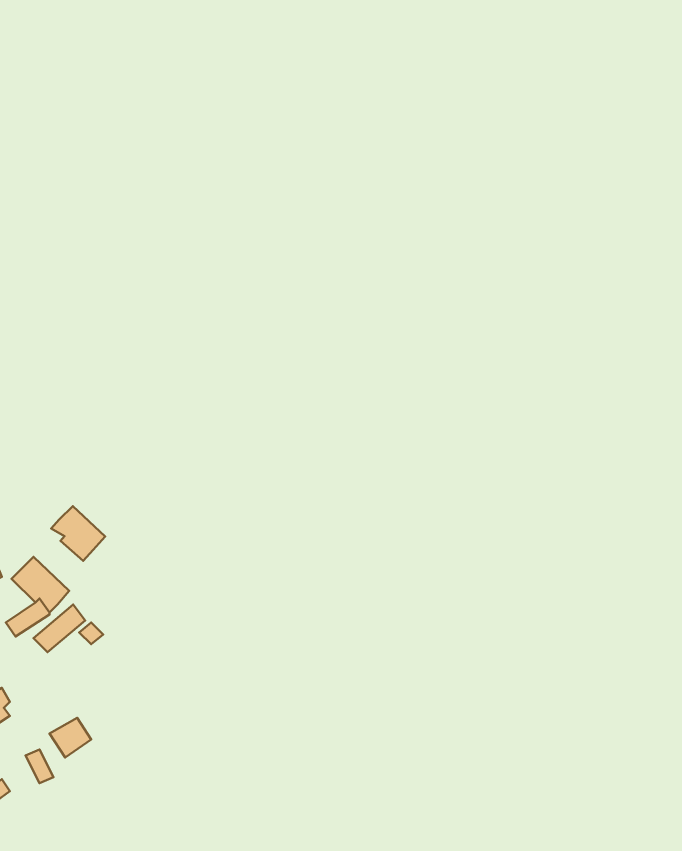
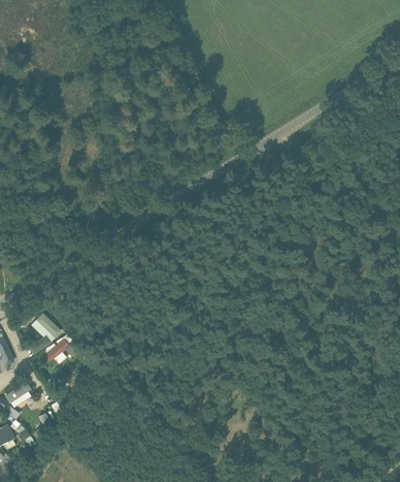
building: [51,506,105,561] -> none

